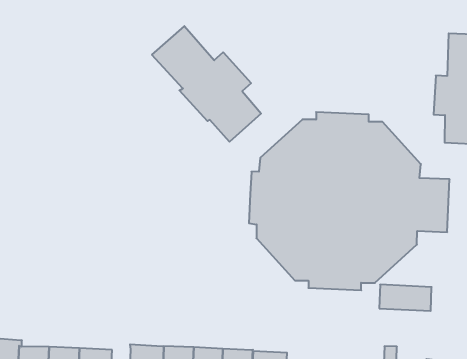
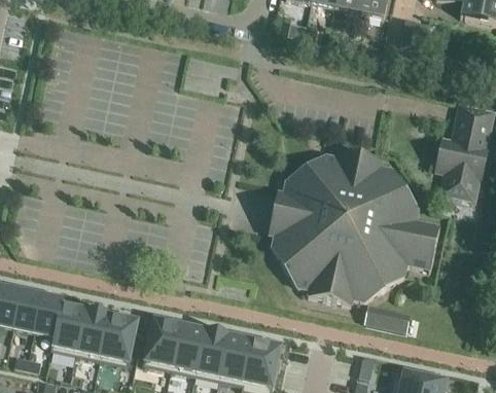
building: [152,26,261,142] -> none

